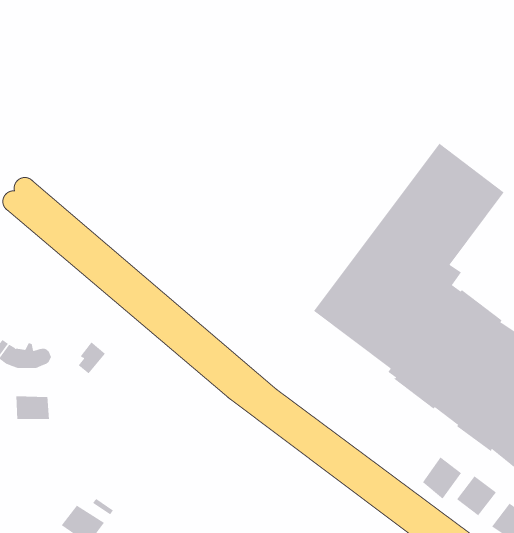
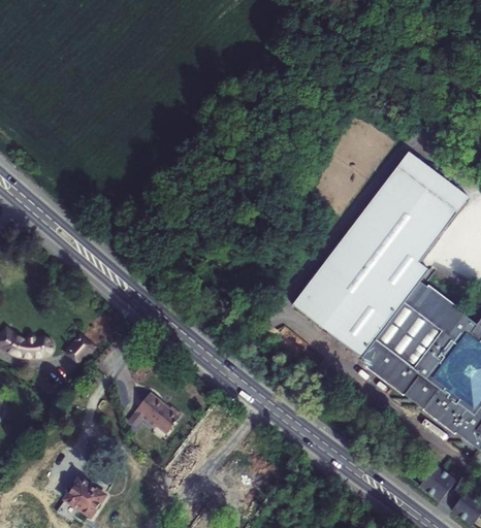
building: [16,396,50,420] -> none
building: none -> [134,393,181,433]
building: [422,456,462,500] -> none

